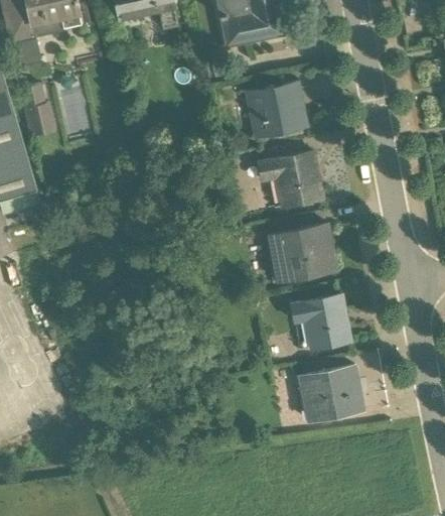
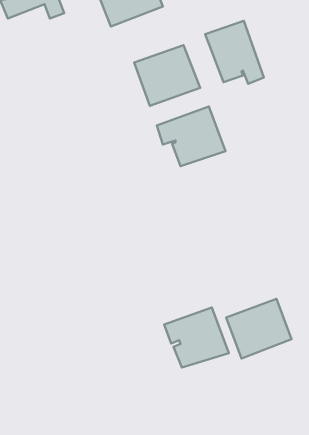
building: none -> [205,21,264,84]
building: [266,222,338,282] -> none
building: [289,291,352,350] -> [164,307,229,367]

